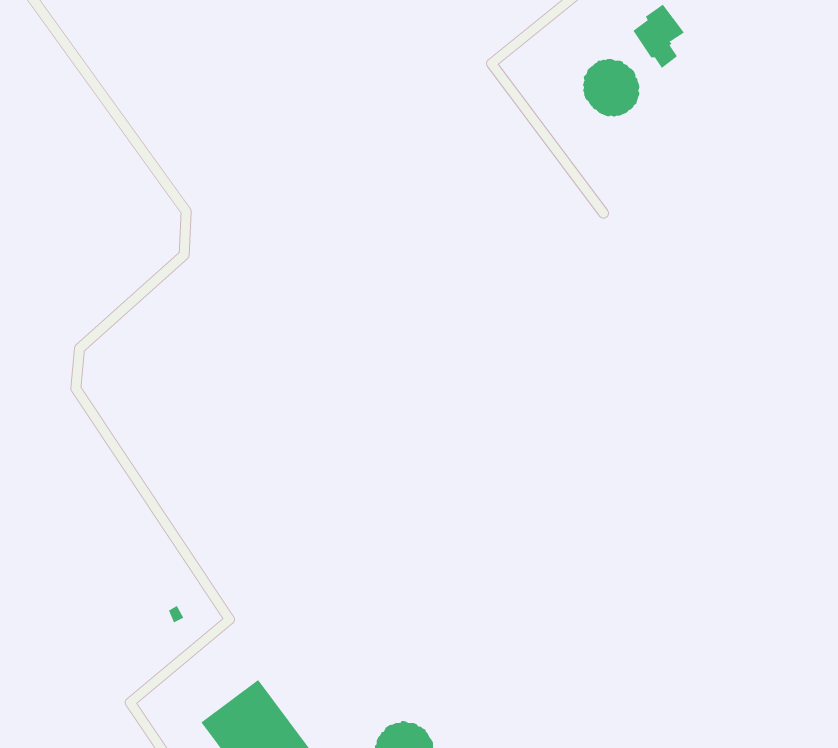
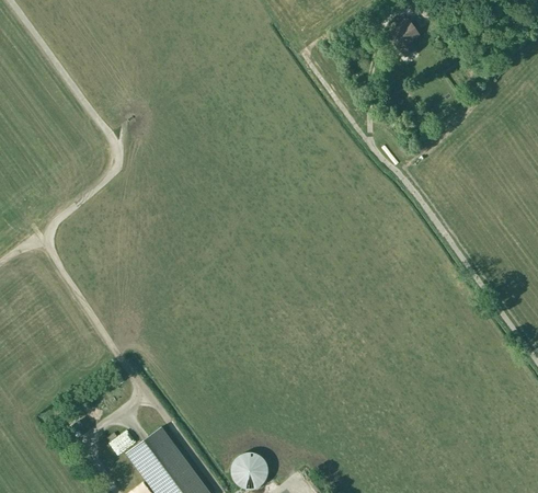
building: [582,58,640,118] -> none

